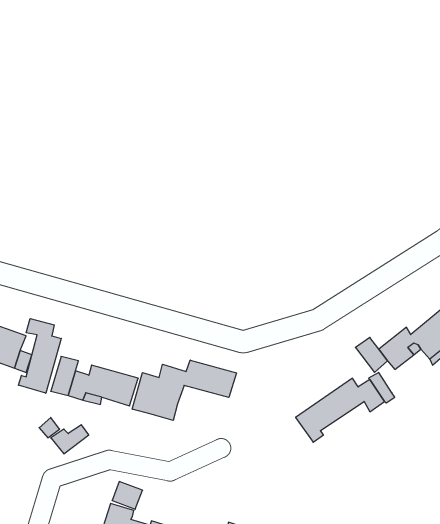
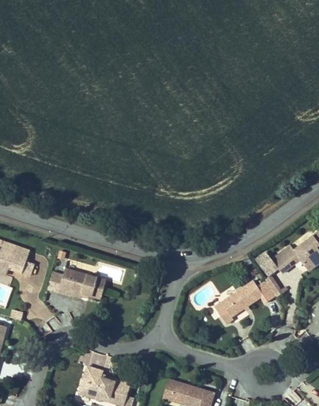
building: [18,319,61,393] -> none
building: [132,360,236,420] -> none

